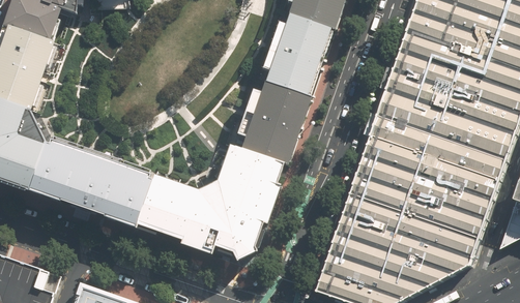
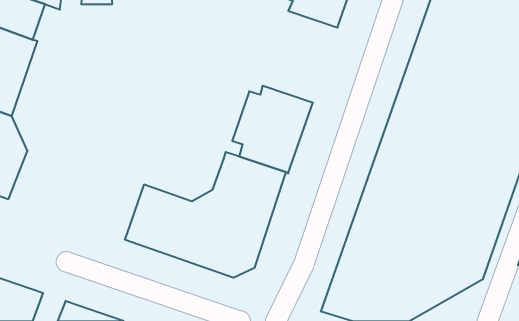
building: [263,13,334,98] -> none
building: [29,139,154,224] -> none

